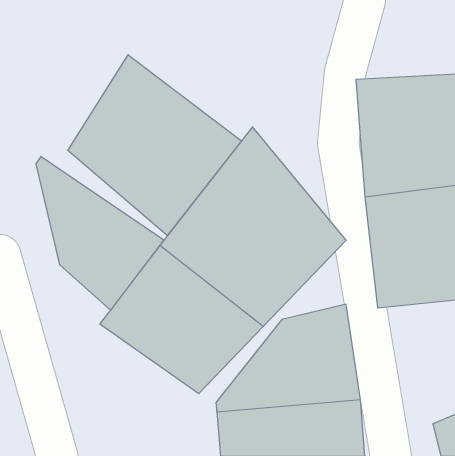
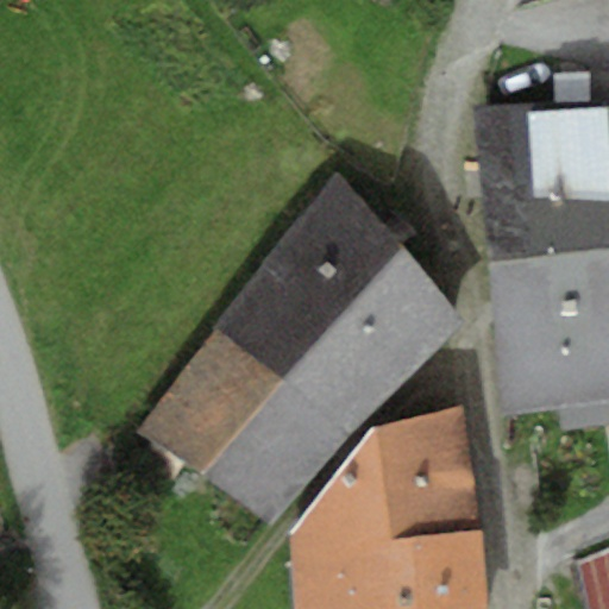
building: [68,55,241,236] -> none
building: [36,156,164,310] -> none

